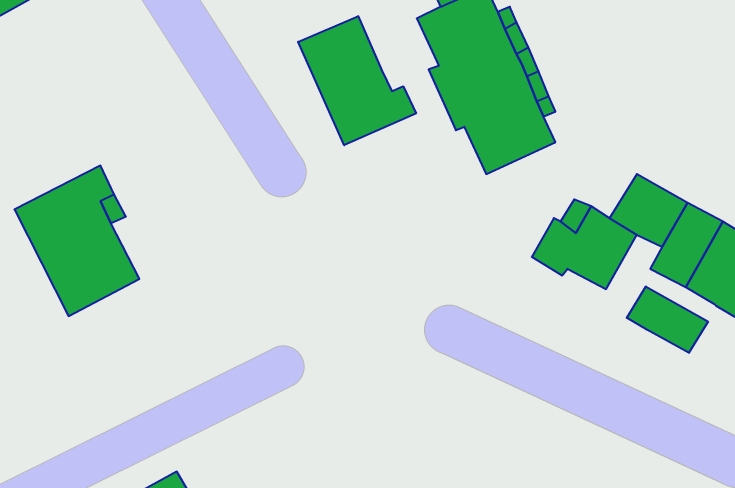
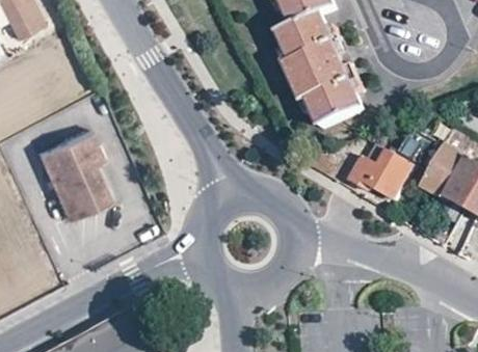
building: [298,16,416,145] -> none
building: [627,286,708,353] -> none

